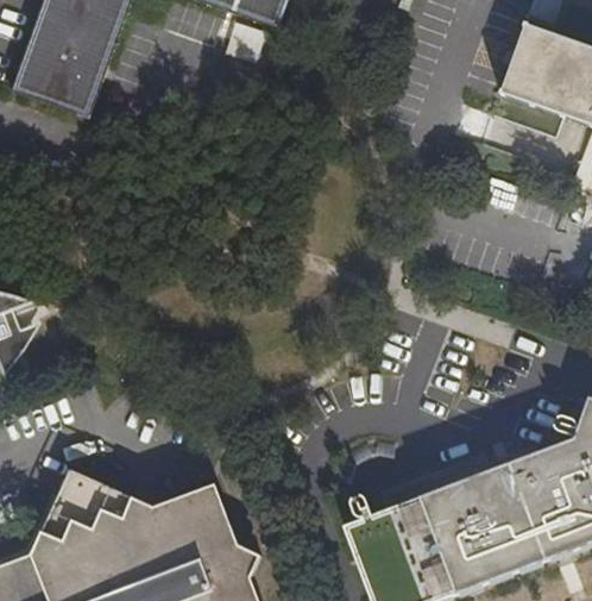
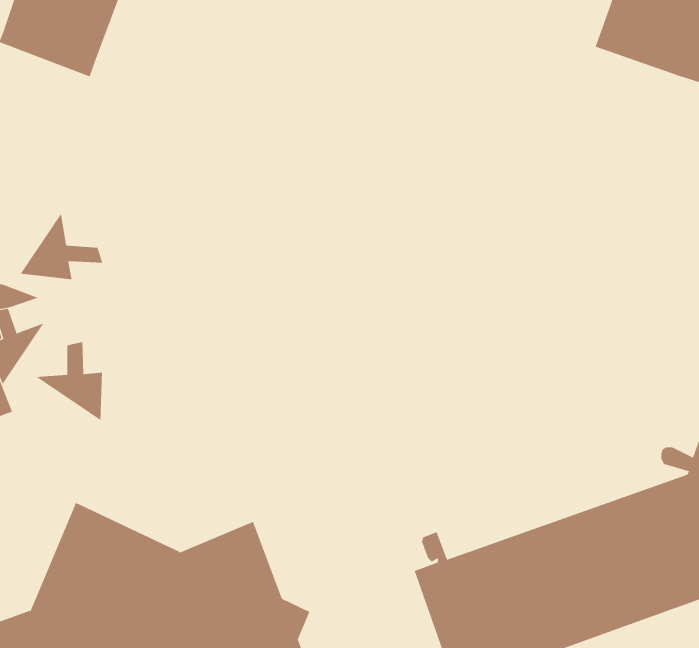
building: none -> [20,213,103,280]
building: none -> [35,341,102,421]

